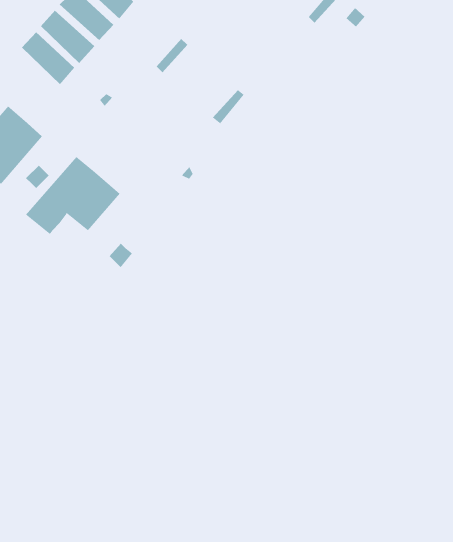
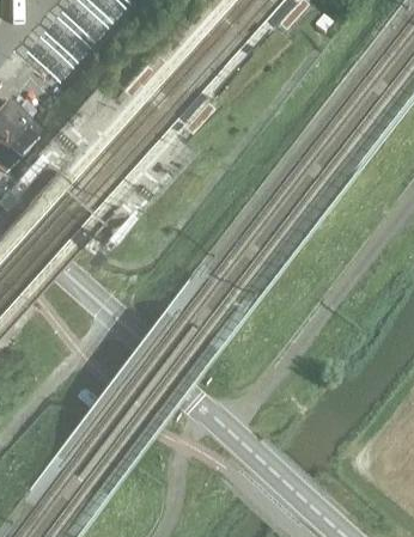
building: [25,156,120,235] -> none

